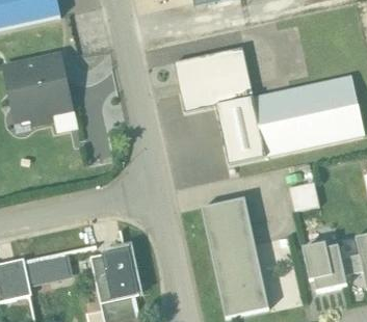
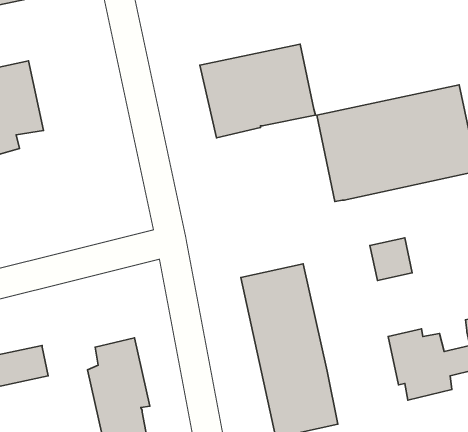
building: [215,96,266,163] -> none

